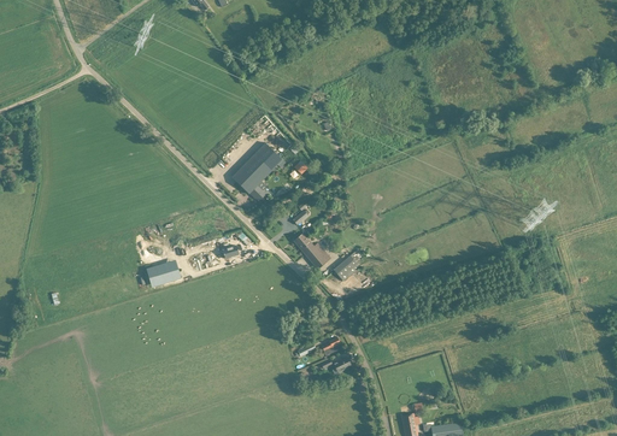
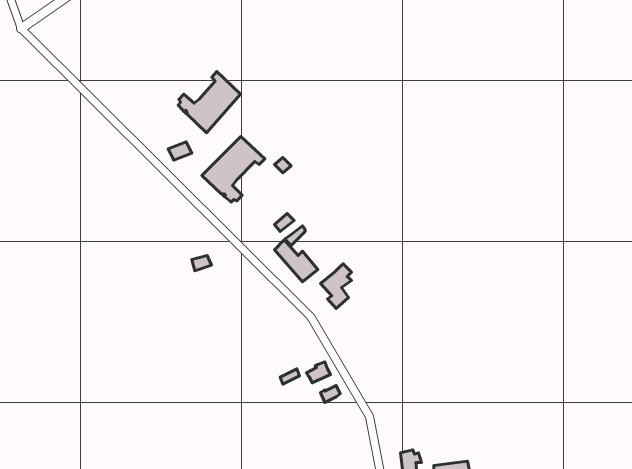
building: none -> [178,72,241,133]
building: [146,259,180,285] -> none

